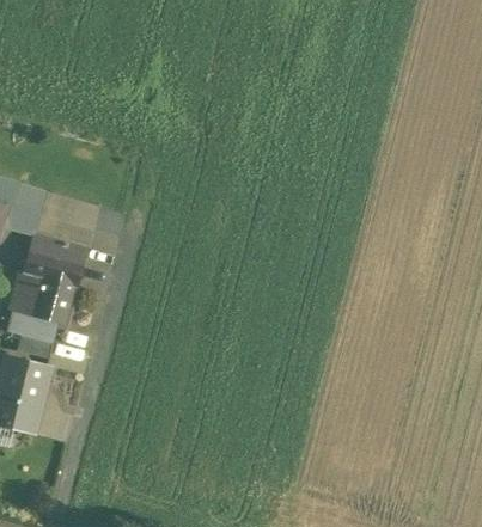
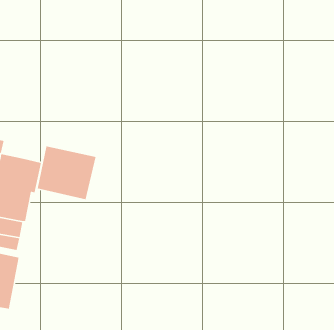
building: none -> [37,146,96,200]

